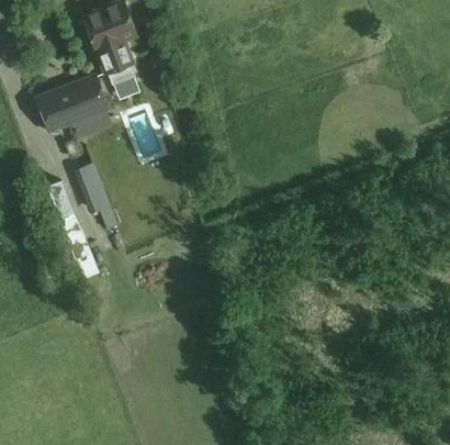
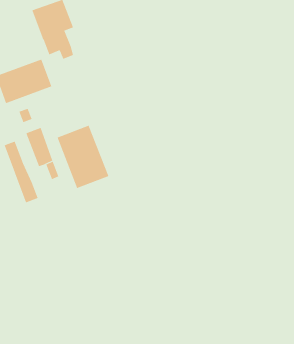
building: none -> [57,125,109,189]

